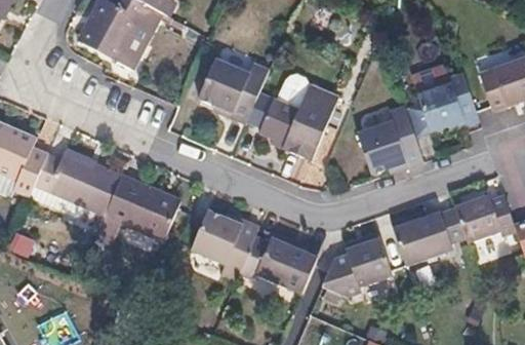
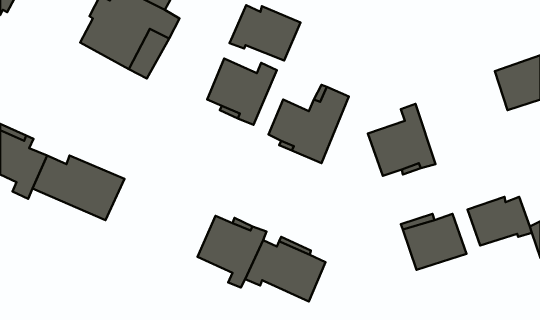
building: none -> [230,5,301,60]
building: [418,70,476,131] -> none
building: [103,176,193,246] -> none
building: [321,234,392,295] -> none

